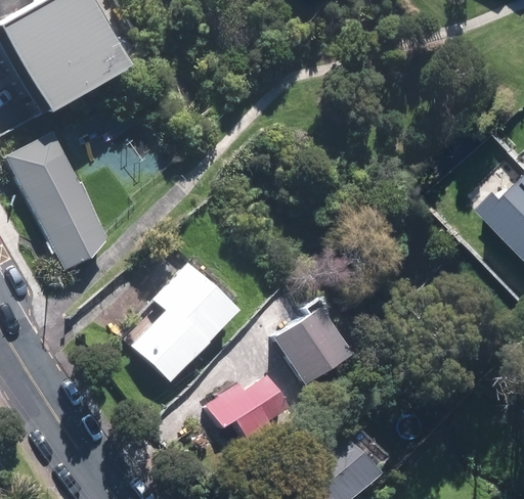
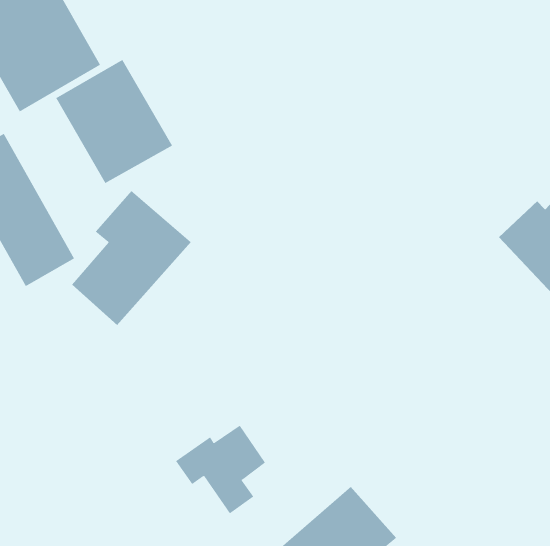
building: none -> [56,59,173,184]
building: [132,266,236,383] -> [71,190,191,326]
building: [273,309,349,384] -> none

